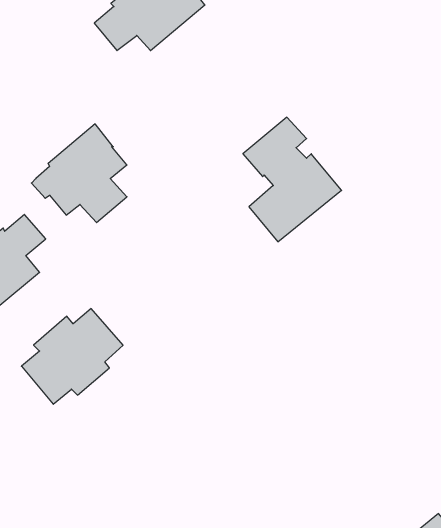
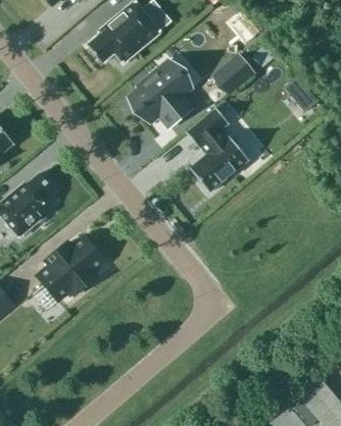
building: none -> [214,55,253,93]
building: [31,124,127,223] -> [127,60,191,126]

